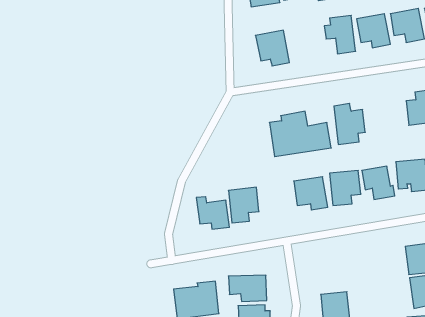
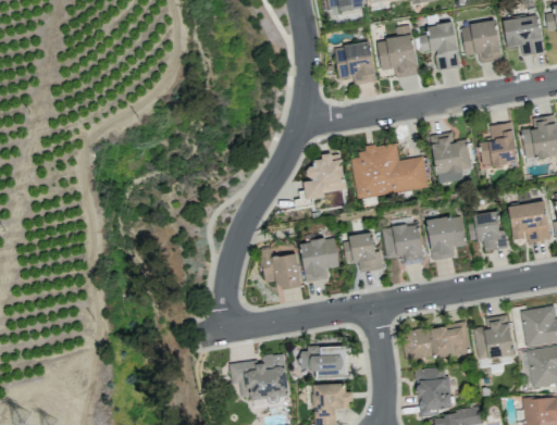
building: none -> [376,35,419,78]
building: none -> [479,123,518,167]
building: none -> [304,153,346,200]
building: none -> [343,234,383,272]
building: none -> [474,315,513,360]
building: none -> [403,324,470,360]

